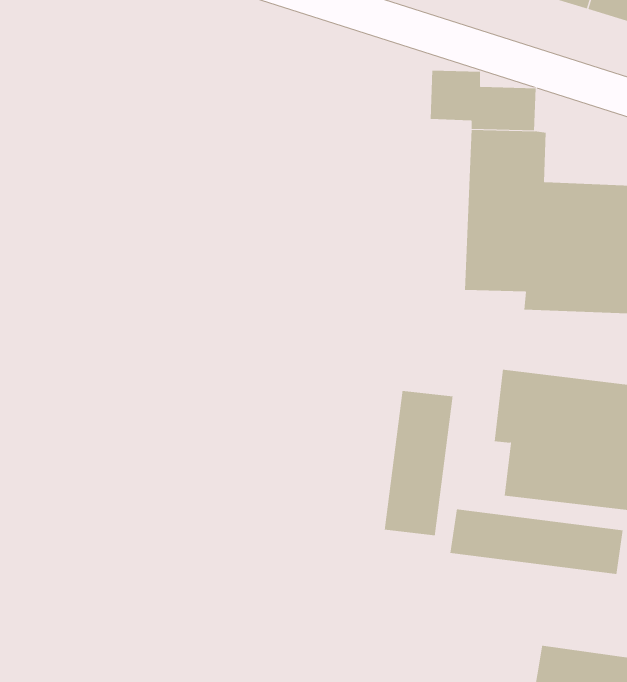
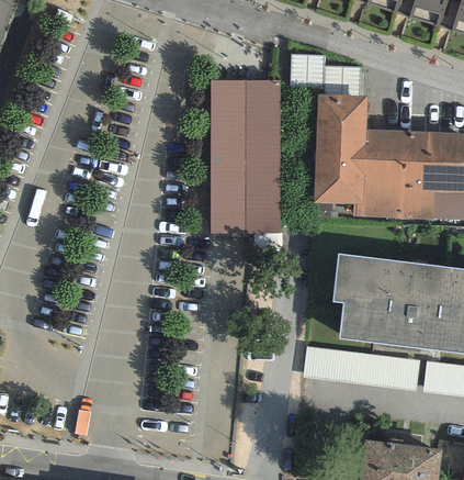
building: none -> [211,80,280,233]
building: [384,390,453,536] -> none

